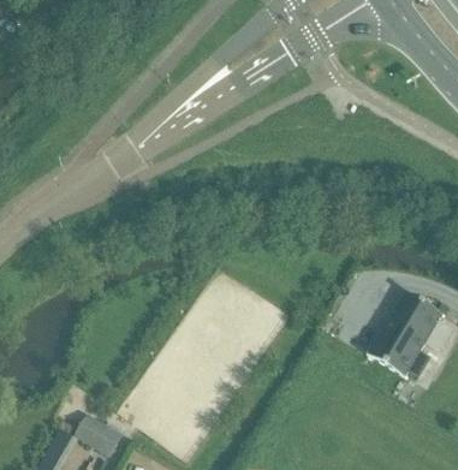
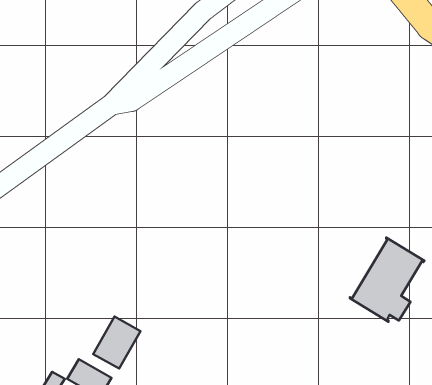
building: none -> [93,317,141,369]

